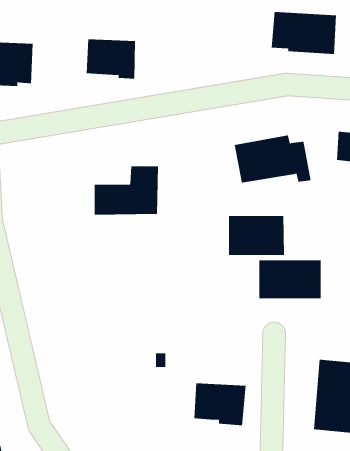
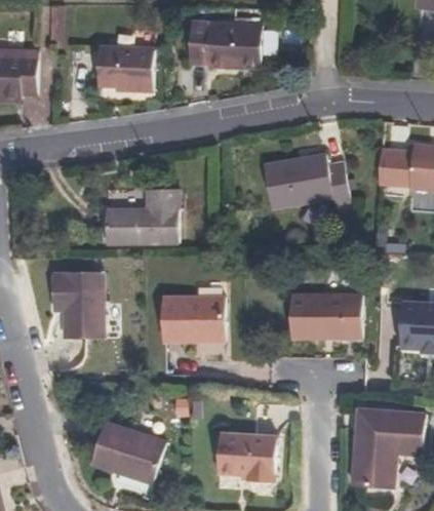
building: [271,11,337,54] -> [188,22,262,70]
building: [228,215,285,256] -> [161,297,225,342]
building: none -> [52,271,104,339]
building: none -> [90,422,165,484]

